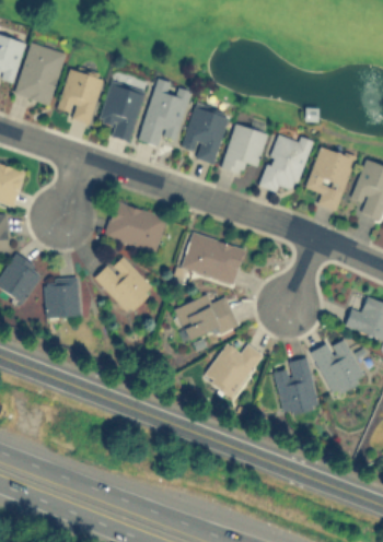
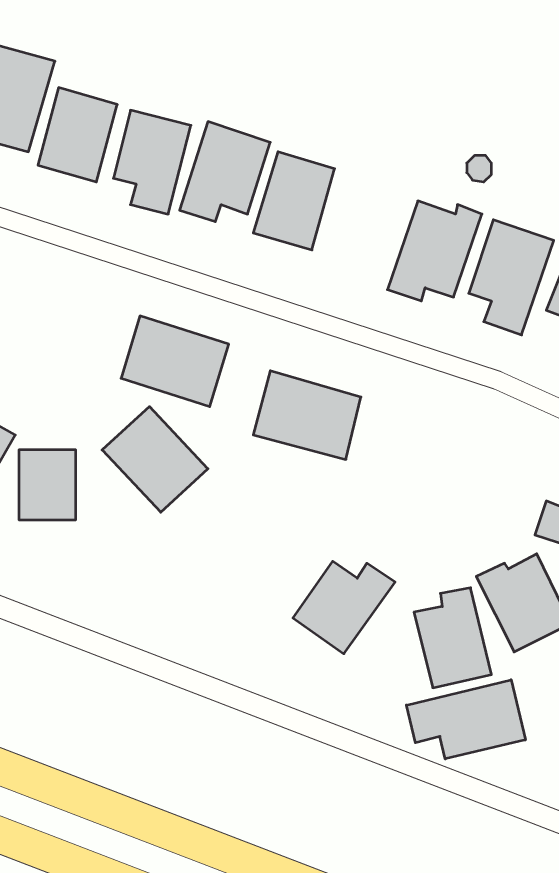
building: [222,125,267,175] -> none
building: [176,295,237,342] -> none
building: none -> [406,680,525,759]

